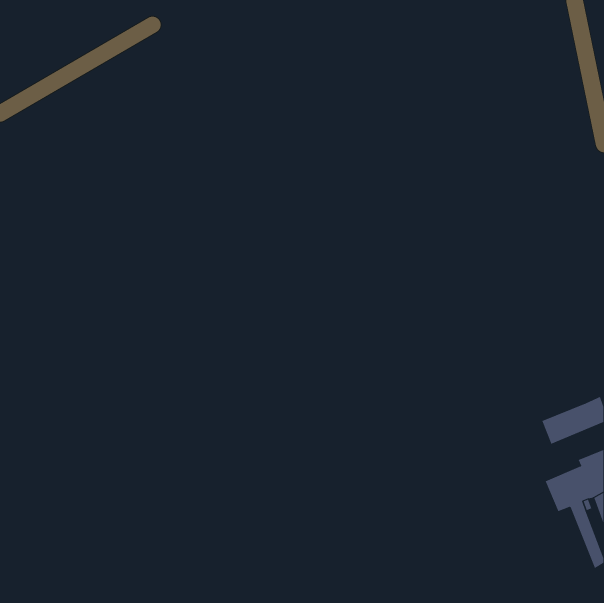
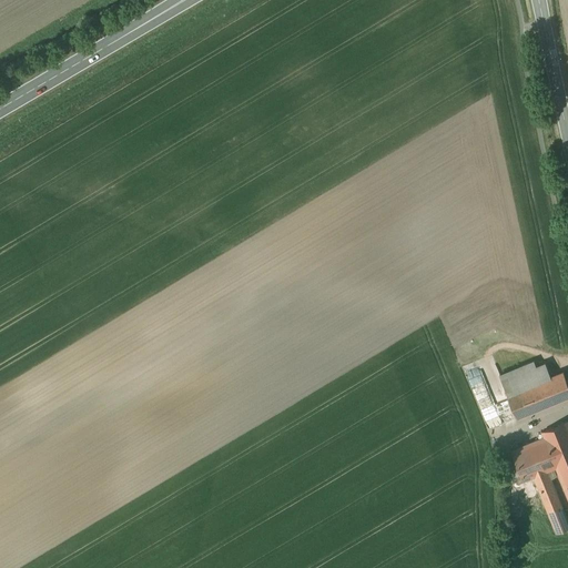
building: none -> [499,363,549,396]

